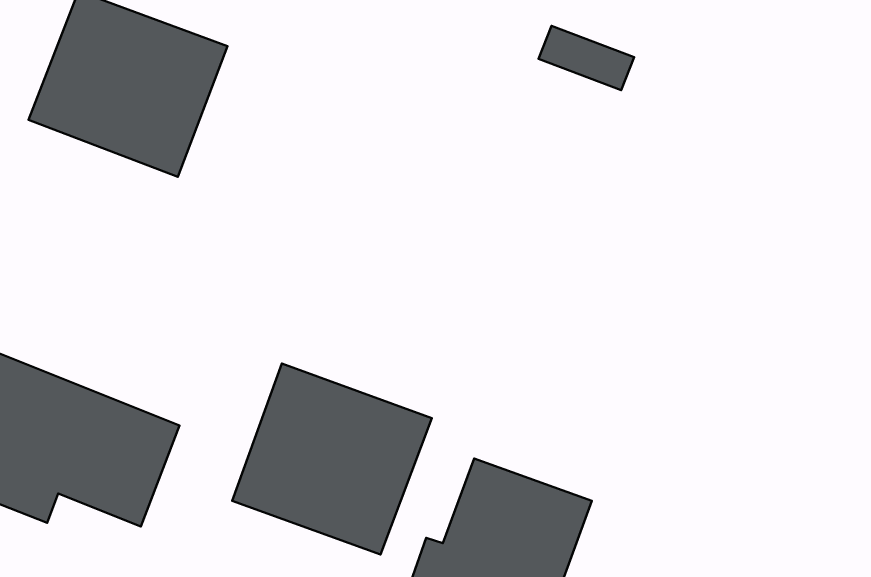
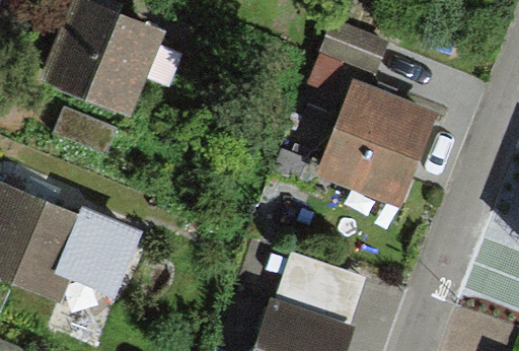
building: none -> [321,92,428,208]
building: [232,363,432,555] -> none

